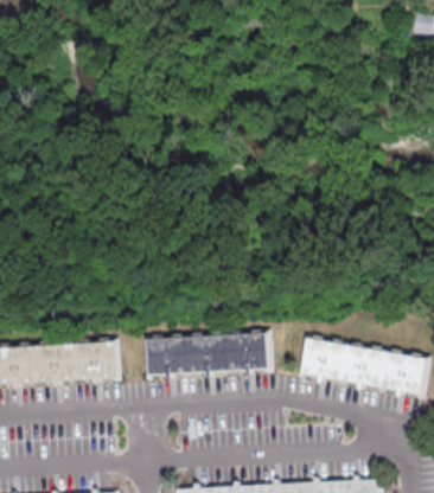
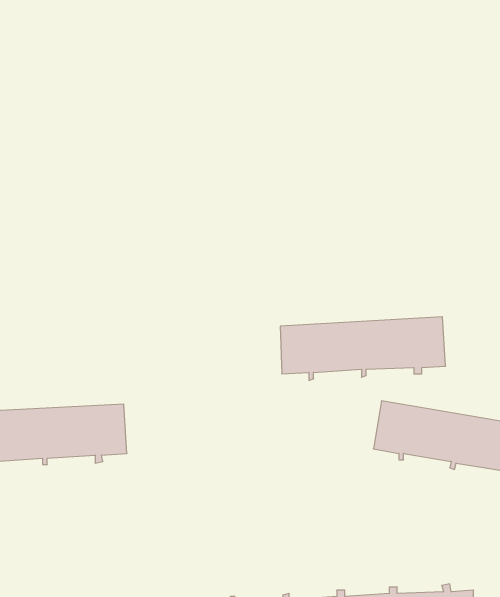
building: [147,332,270,379] -> [280,317,446,380]

